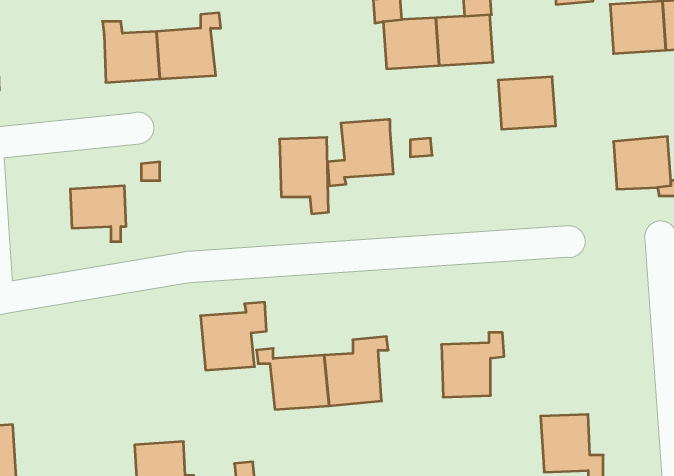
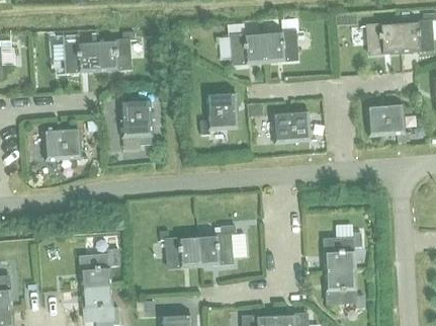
building: [498,77,556,129] -> [275,110,310,142]
building: [279,137,329,214] -> [121,98,151,144]
building: [200,302,266,370] -> [81,247,120,288]
building: [441,333,504,397] -> [326,232,363,270]

